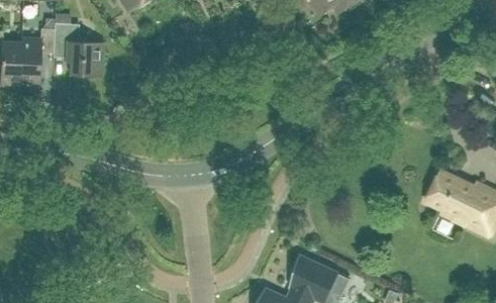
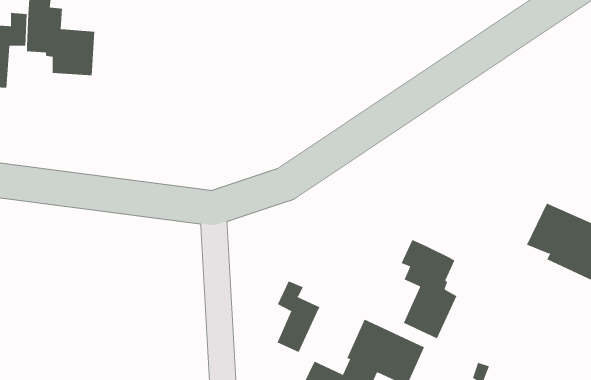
building: none -> [401,239,457,339]
building: none -> [277,280,320,353]

